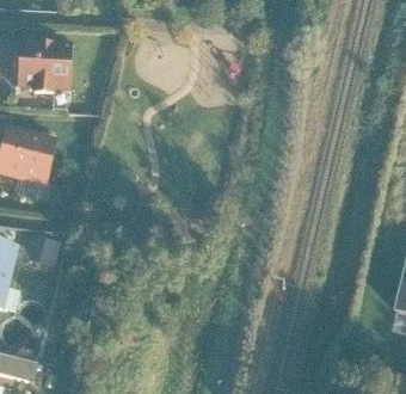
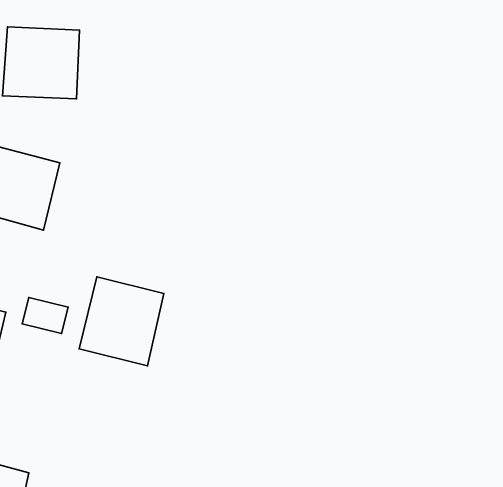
building: none -> [79,277,164,366]

